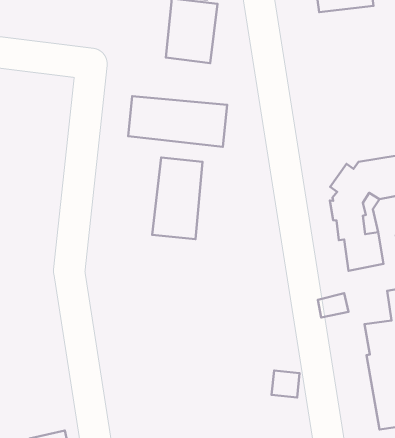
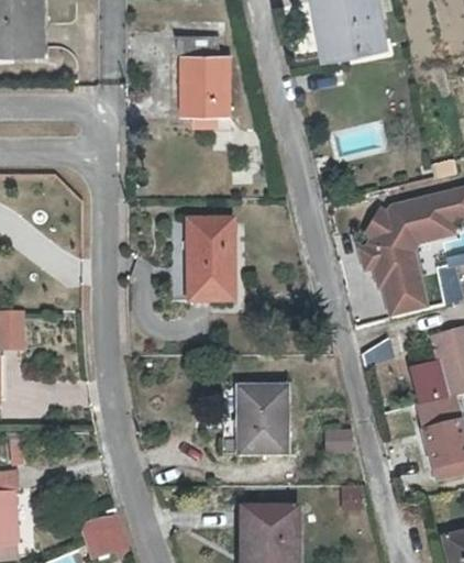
building: [128,96,227,147] -> none
building: none -> [239,387,289,454]

